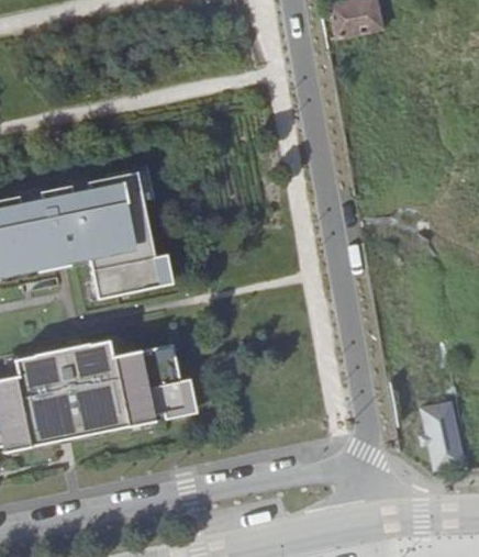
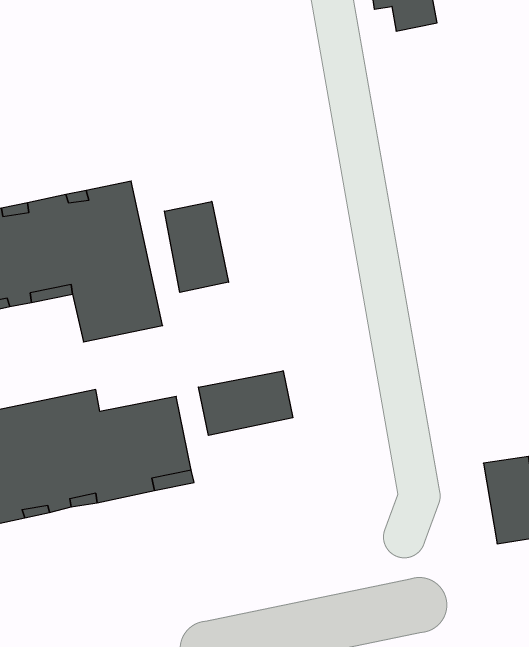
building: none -> [164,201,229,292]
building: none -> [198,371,293,435]

